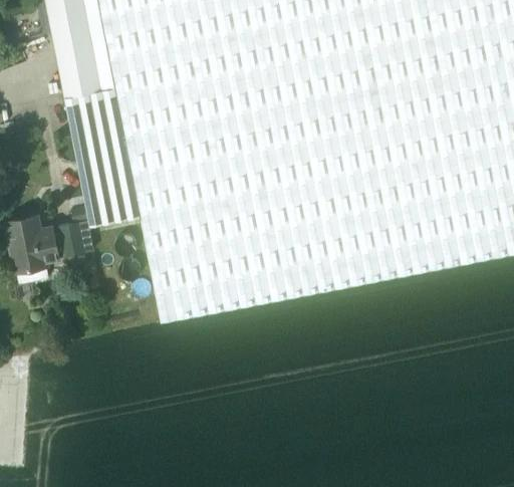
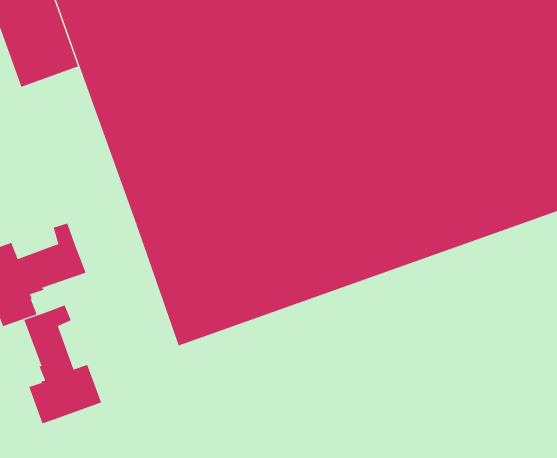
building: [63,78,141,225] -> none
building: none -> [24,305,102,424]

